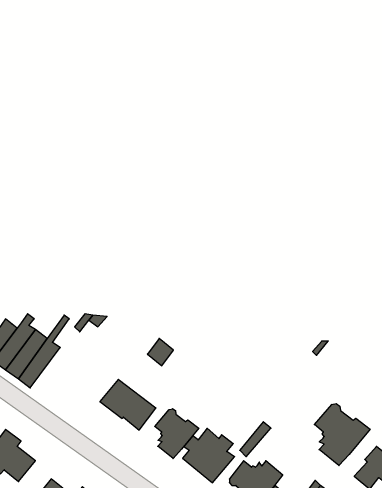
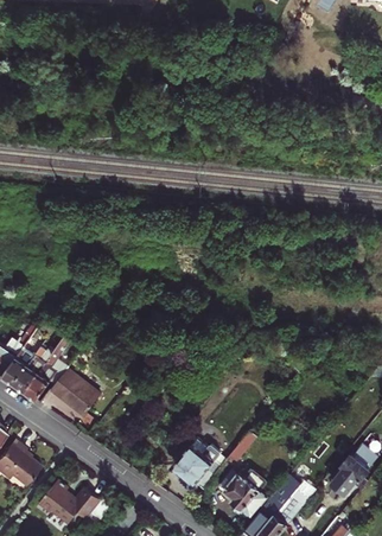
building: [100,379,156,430] -> [50,369,101,415]
building: [314,404,370,466] -> none
building: [155,409,199,459] -> none

